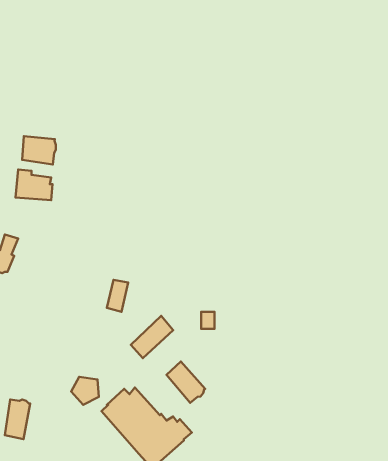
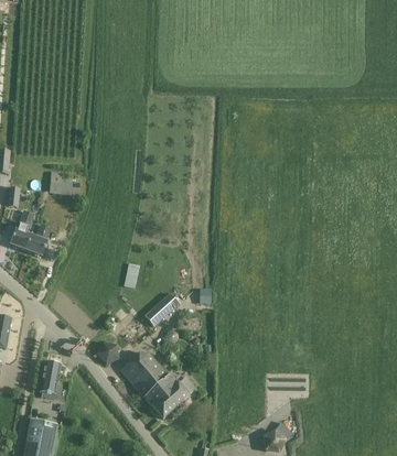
building: [22,136,56,164] -> none
building: [167,361,205,403] -> none

